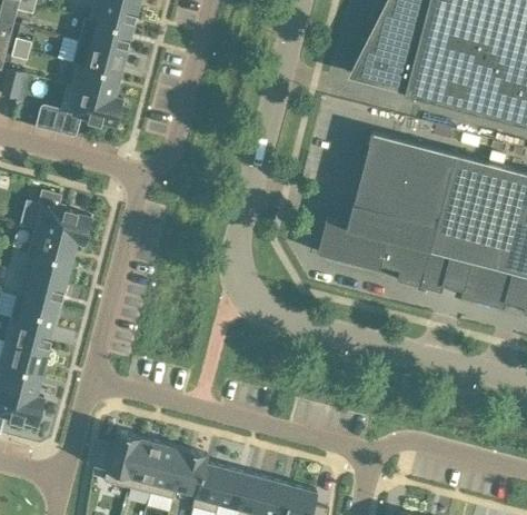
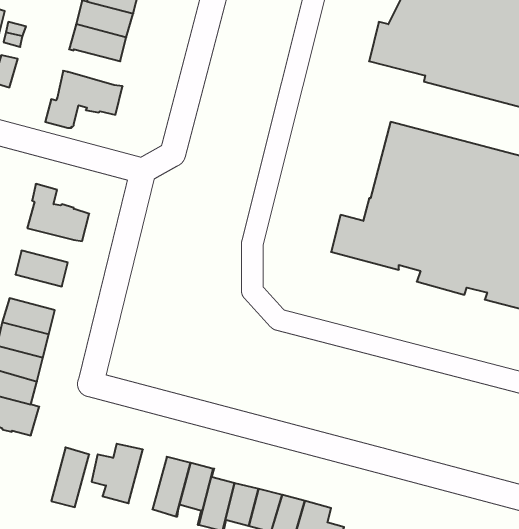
building: [71,66,120,99] -> none
building: [28,232,77,265] -> none
building: [17,276,66,309] -> none
building: [128,439,163,495] -> [51,447,89,507]

